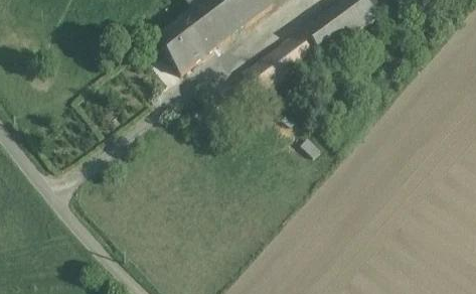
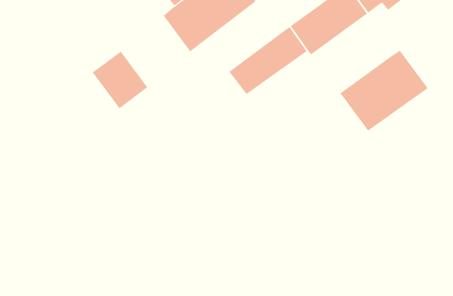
building: [156,16,210,72] -> [92,51,148,109]
building: none -> [340,50,428,132]

